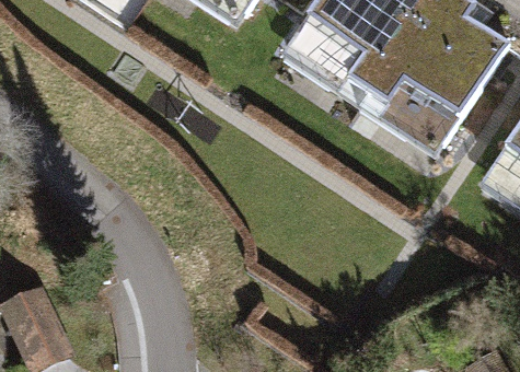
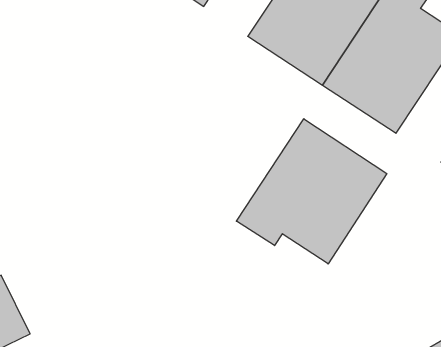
building: none -> [236,119,387,264]

